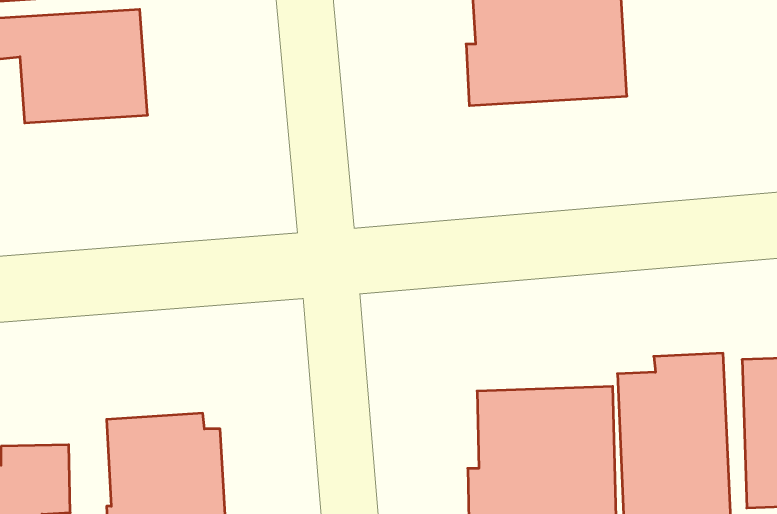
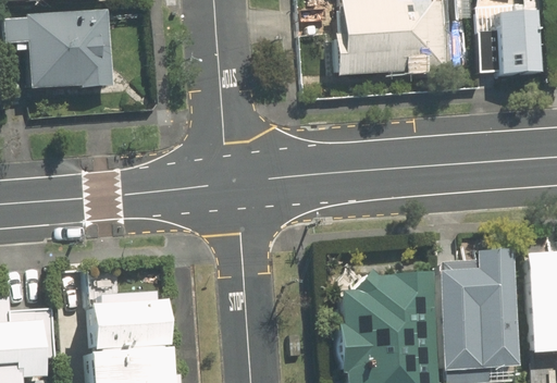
building: none -> [480,10,543,76]

